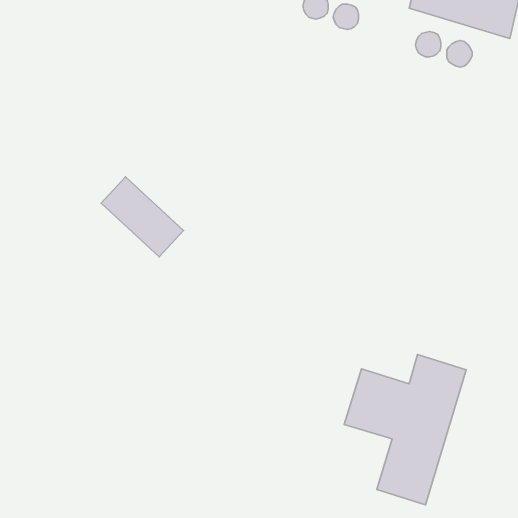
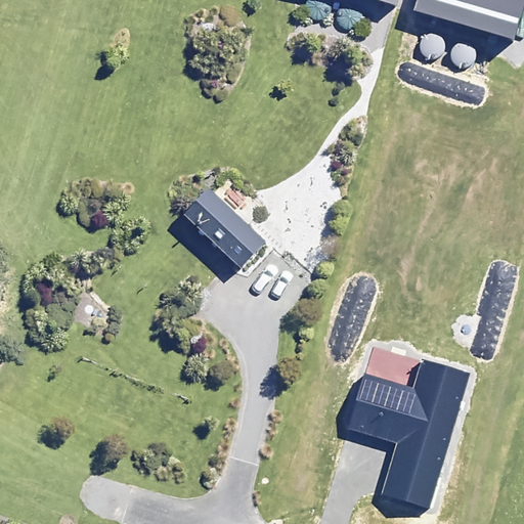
building: [101,177,184,257] -> [182,186,265,267]

